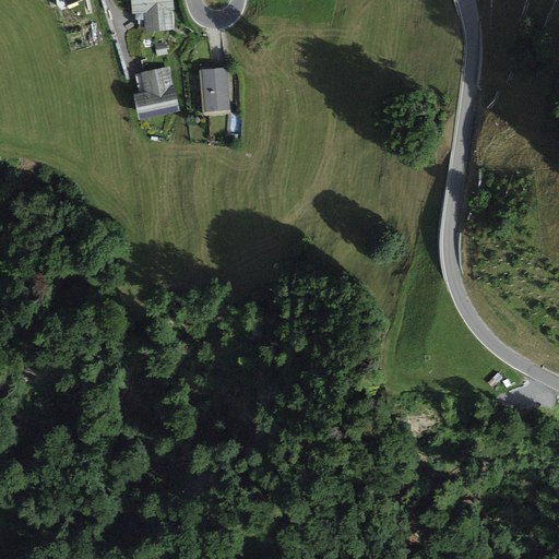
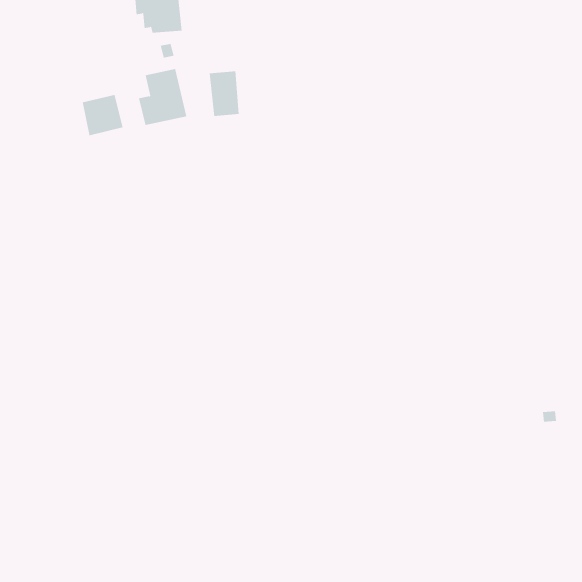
building: none -> [82,94,123,136]

